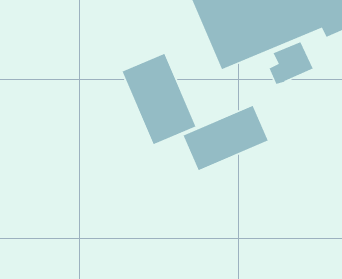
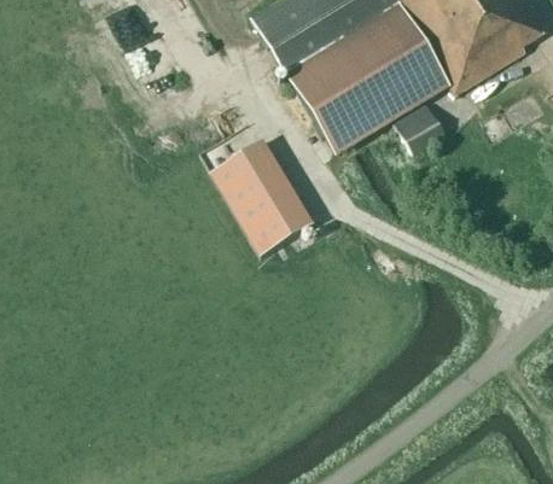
building: [183,105,269,171] -> none

